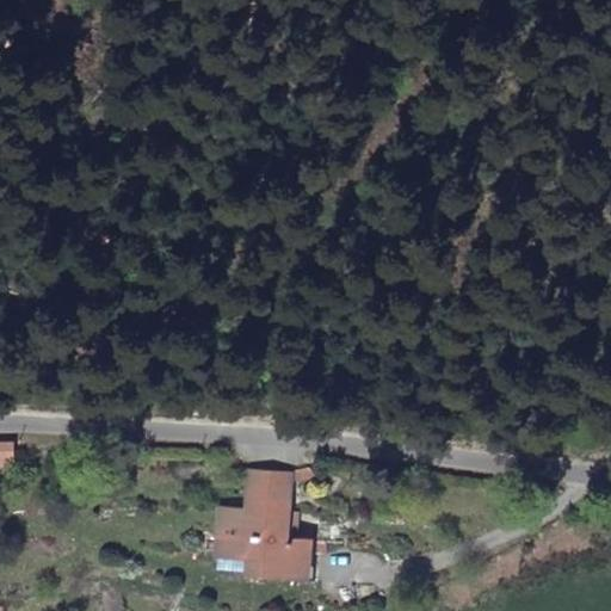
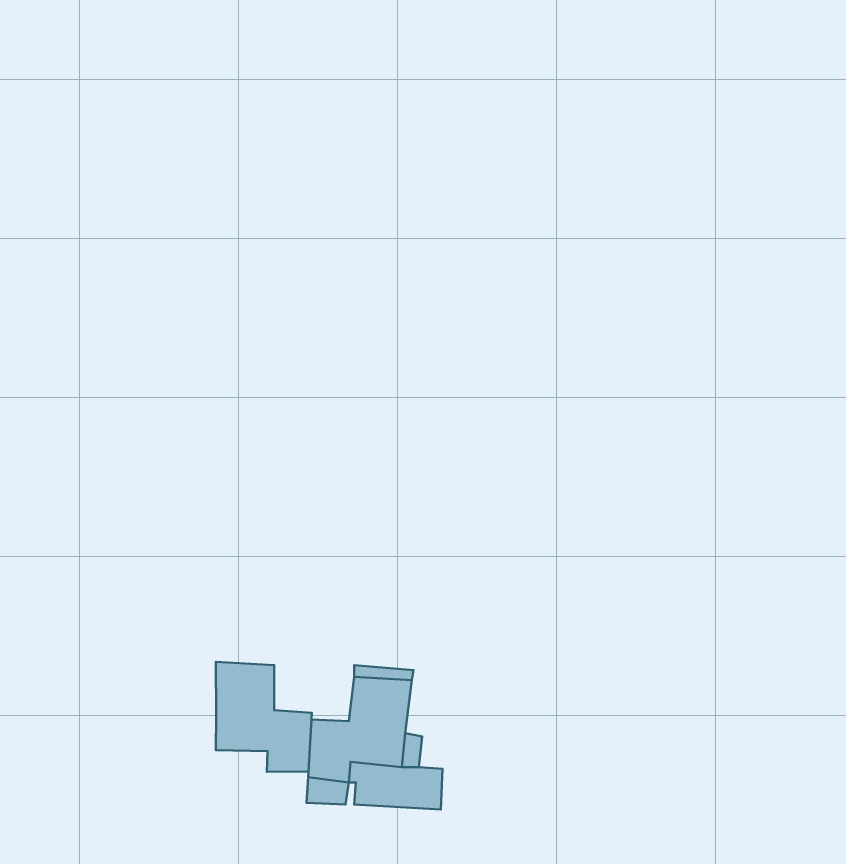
building: none -> [216,662,312,772]

